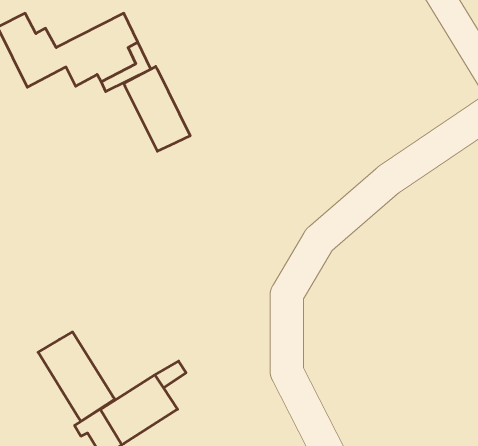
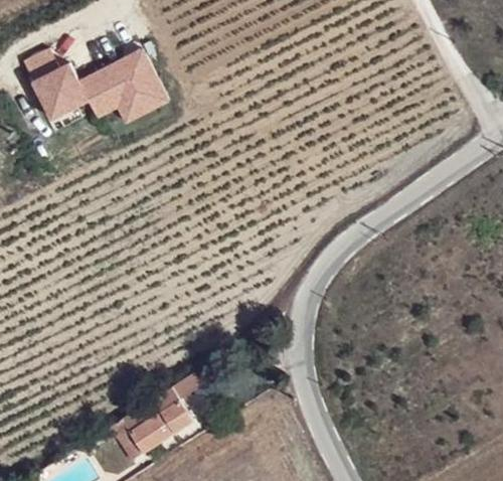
building: [123,66,190,151] -> none
building: [38,332,115,421] -> none

